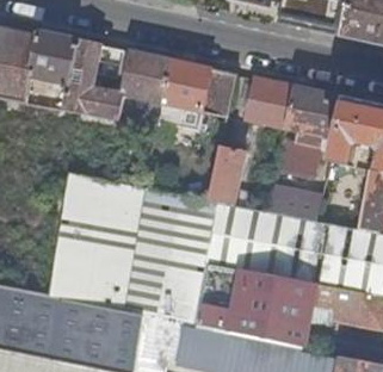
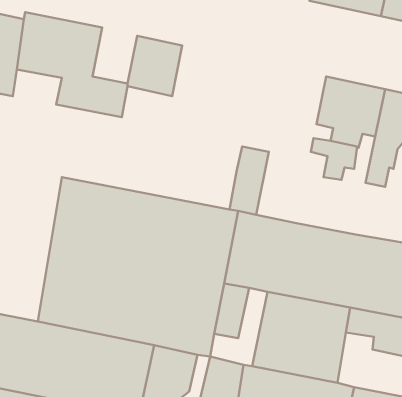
building: [93,45,131,93] -> none
building: [157,61,234,129] -> none
building: [245,79,292,128] -> none
building: [268,187,322,222] -> none
building: [193,267,242,334] -> none

